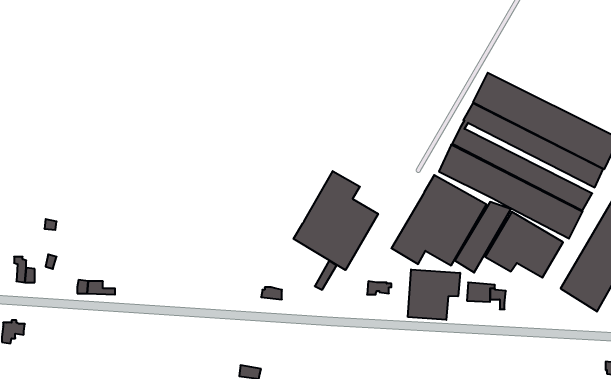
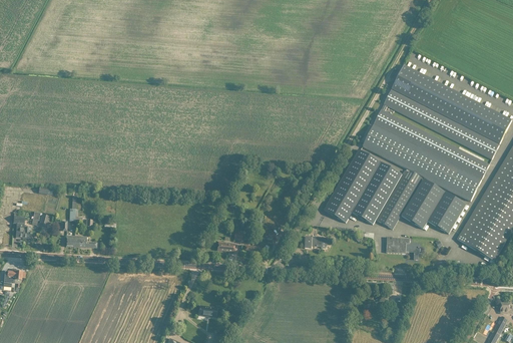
building: [294,171,378,270] -> none
building: [408,269,460,320] -> none

